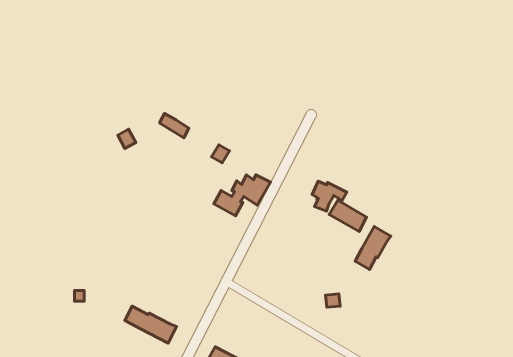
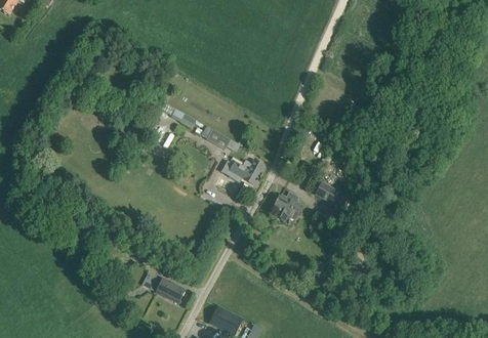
building: [312,181,347,211] -> [274,196,303,221]
building: [355,227,391,270] -> none

